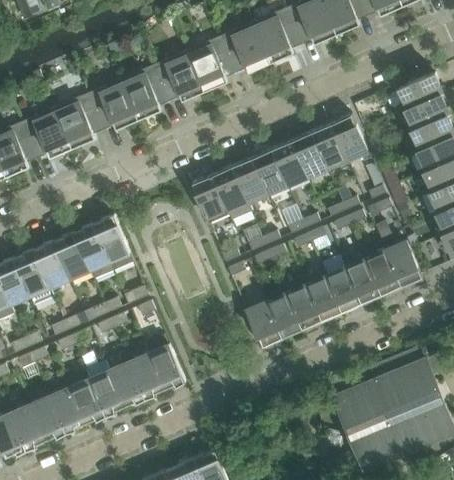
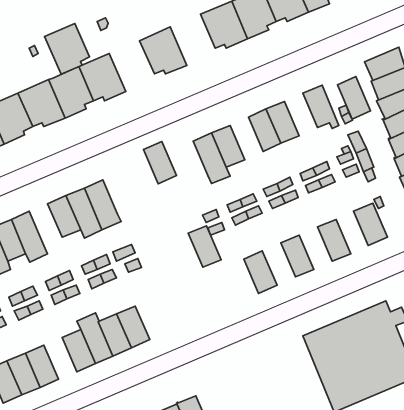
building: [186,36,235,92] -> none
building: [120,65,169,120] -> [44,24,90,74]
building: [310,122,346,168] -> [337,77,371,119]
building: [251,148,287,194] -> none
building: [191,174,227,220] -> [143,141,177,184]
building: [33,242,69,287] -> none
building: [366,250,401,296] -> none
building: [326,267,362,313] -> none
building: [286,284,322,330] -> none
building: [246,302,282,347] -> [188,226,221,267]
building: [148,344,185,389] -> none
building: [49,387,85,432] -> none

